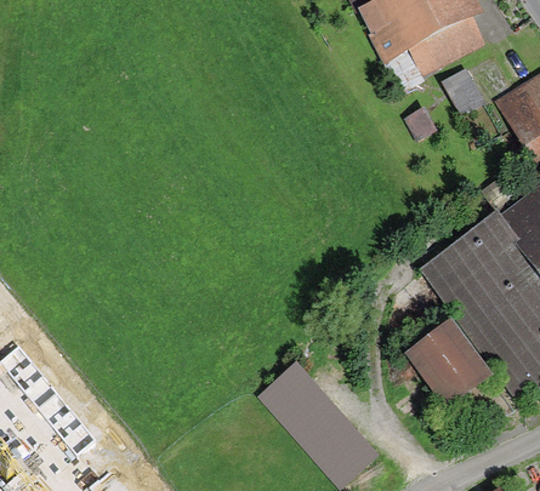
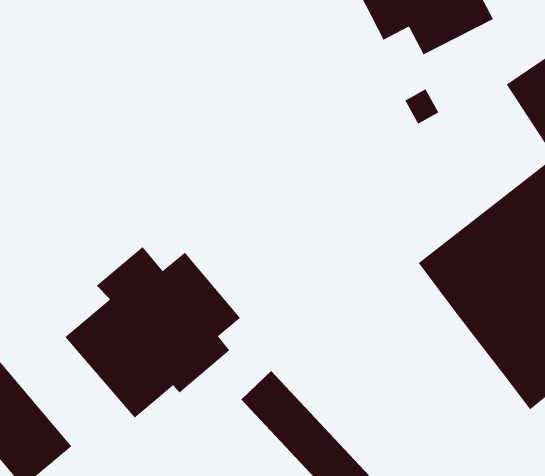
building: [442,68,485,116] -> none
building: none -> [65,246,241,418]
building: [408,316,495,406] -> none

